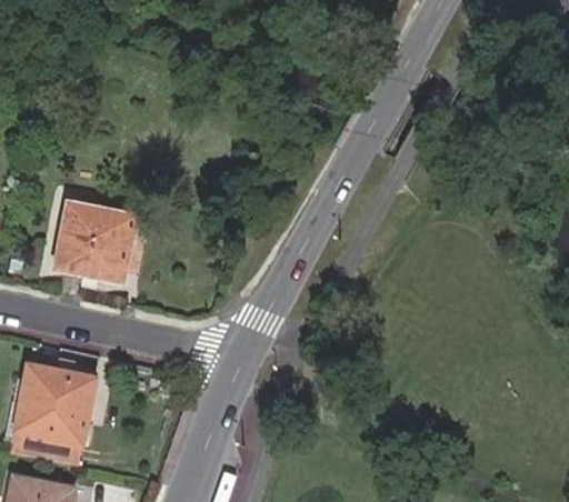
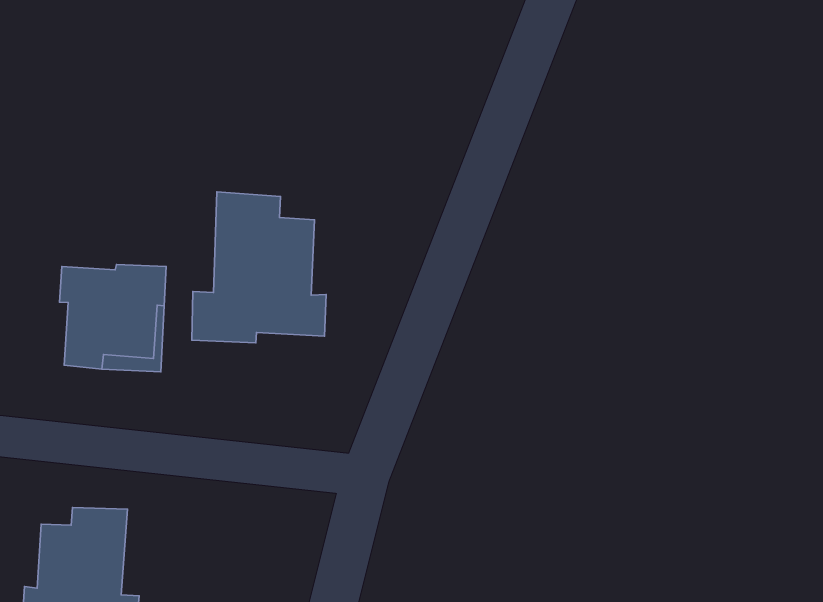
building: none -> [192,192,326,343]

